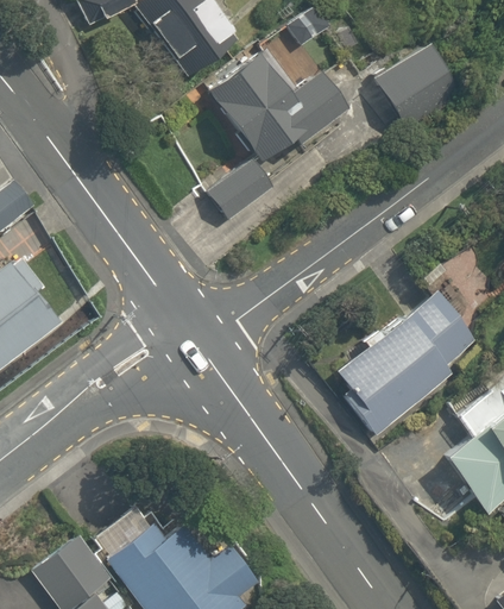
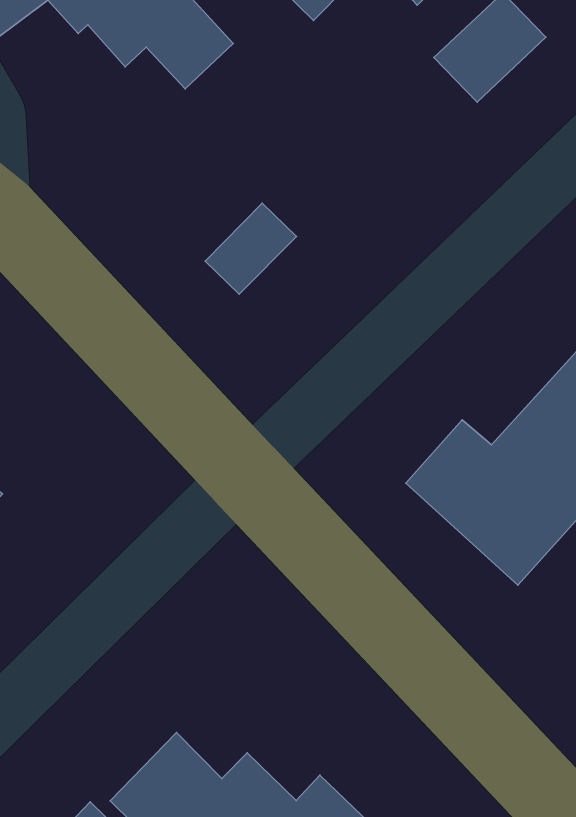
building: [206,46,344,163] -> none

